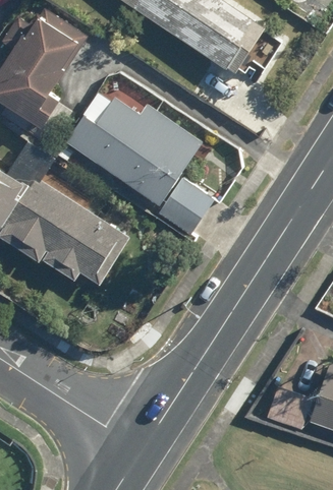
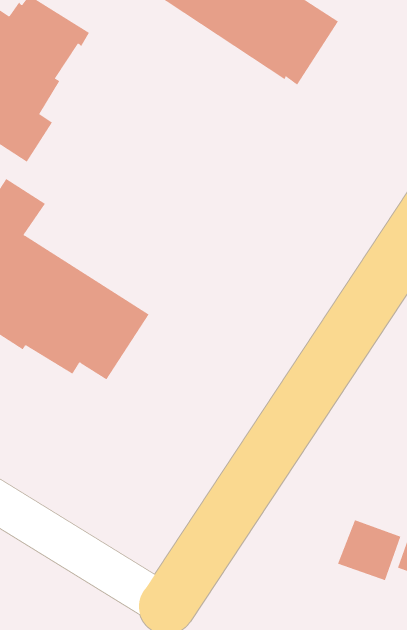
building: [65,94,215,235] -> none

